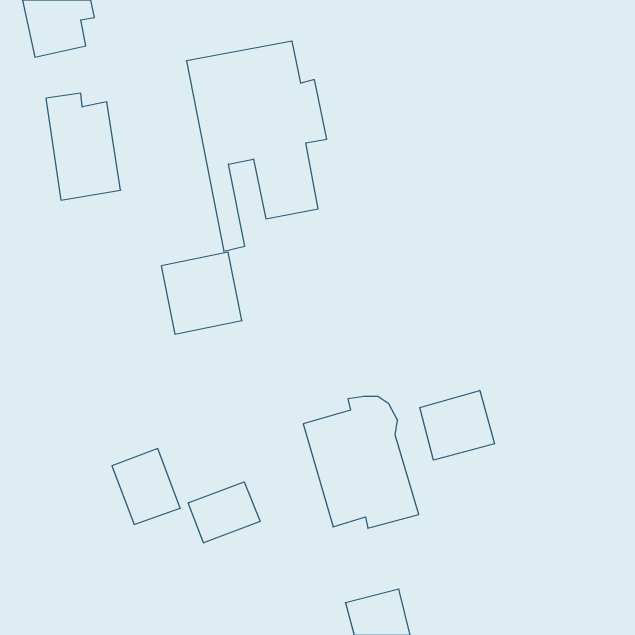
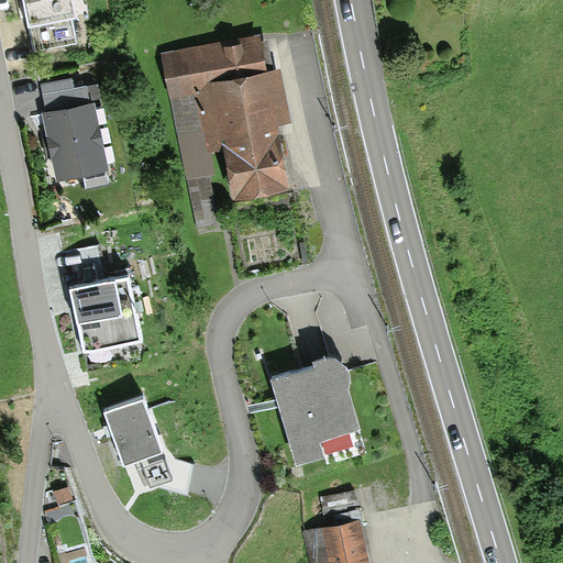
building: [161,252,242,334] -> [68,279,140,352]
building: [420,390,494,460] -> none
building: [188,482,260,543] -> none

